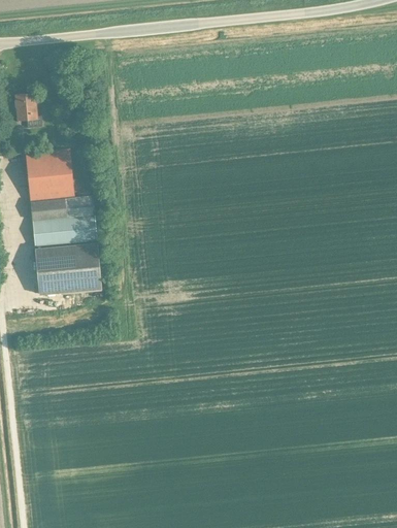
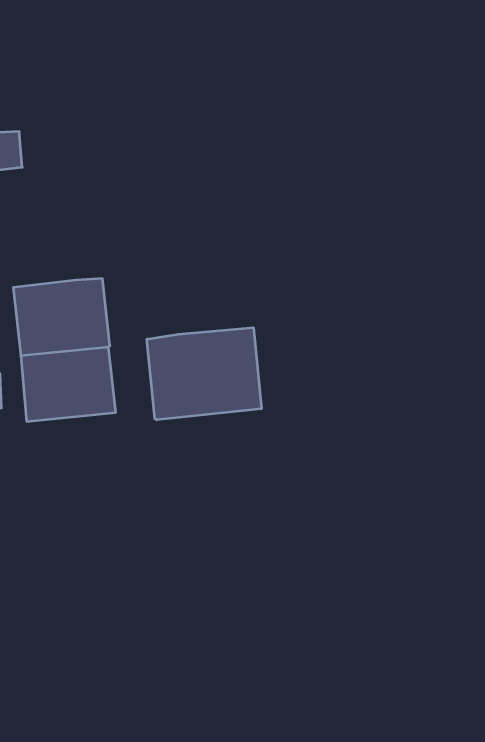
building: [26,151,73,203] -> none
building: none -> [147,328,262,420]

